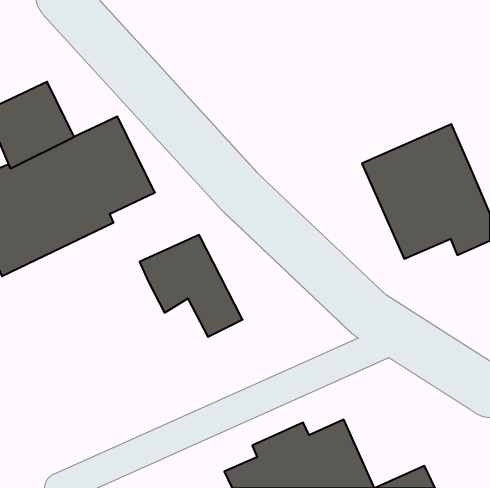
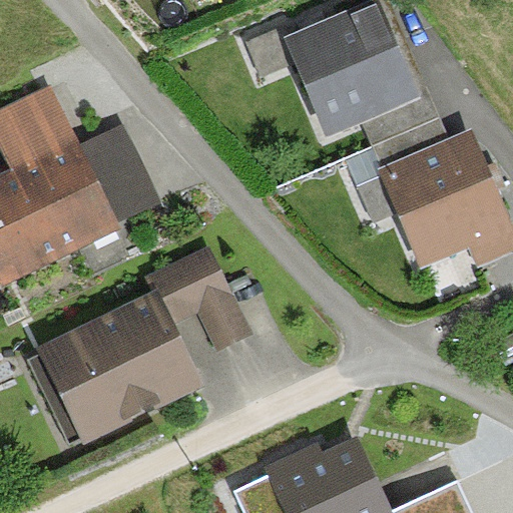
building: none -> [282,7,418,141]
building: none -> [35,293,202,447]

